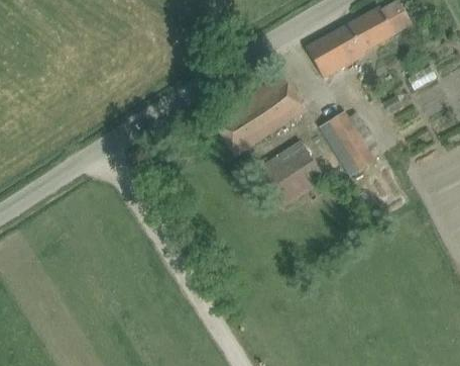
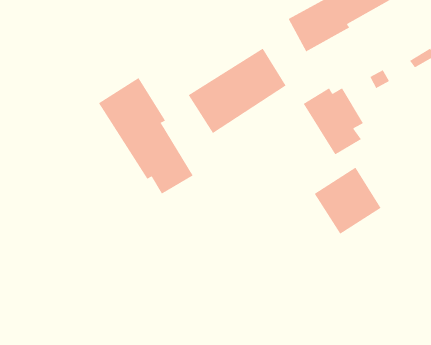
building: none -> [98,77,194,194]
building: [260,141,324,204] -> [314,167,382,235]

